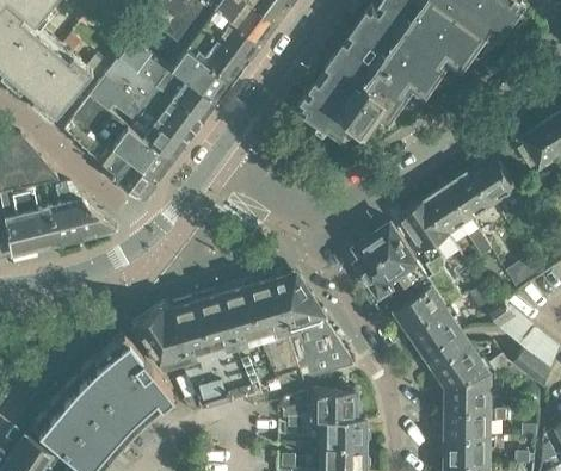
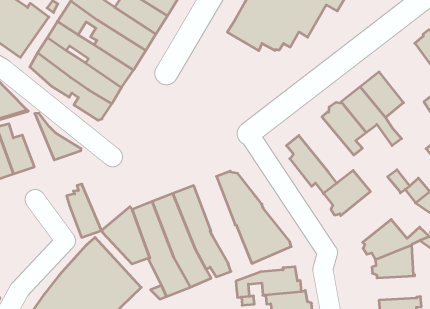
building: [471,155,522,209] -> none
building: [47,184,84,246] -> [67,184,101,237]
building: [371,223,431,296] -> none
building: [243,275,303,388] -> none
building: [412,309,470,367] -> none
building: [448,410,497,438] -> none

